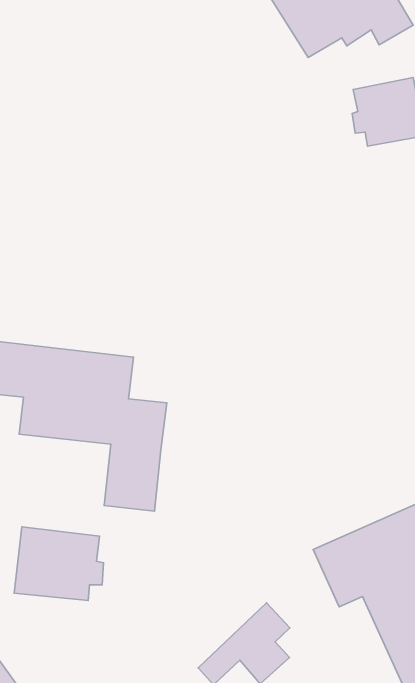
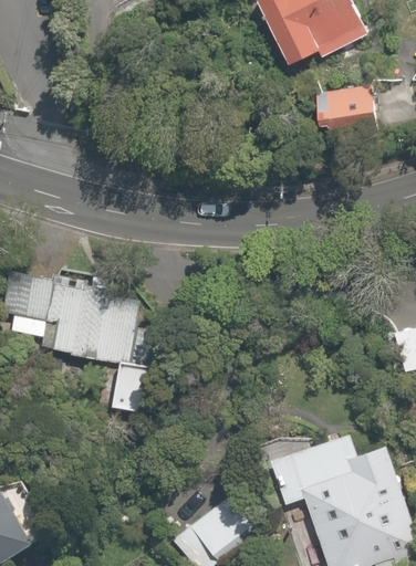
building: [14,527,104,600] -> none

